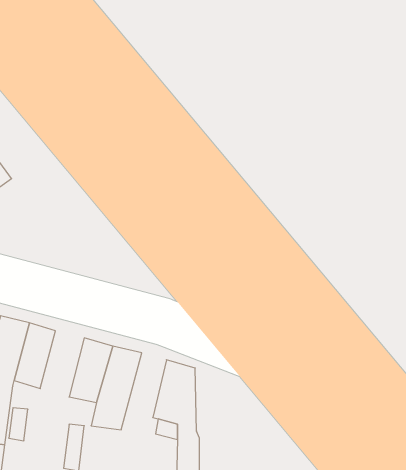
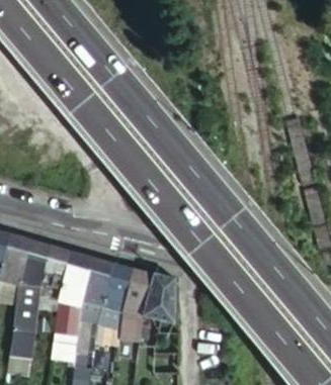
building: none -> [54,251,92,335]
building: none -> [117,267,153,341]

